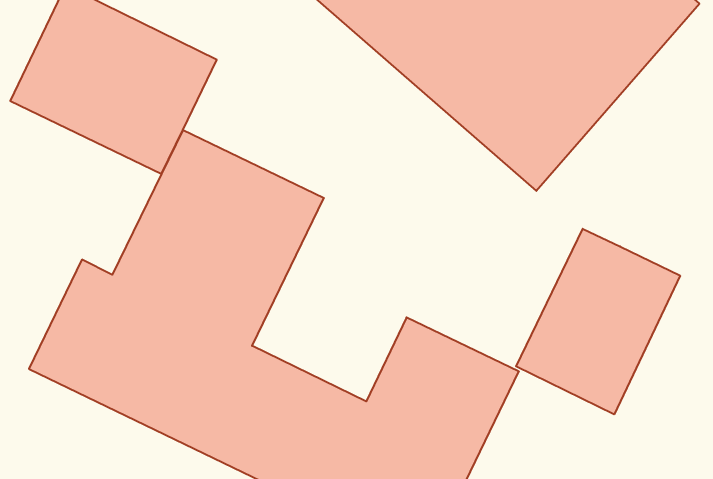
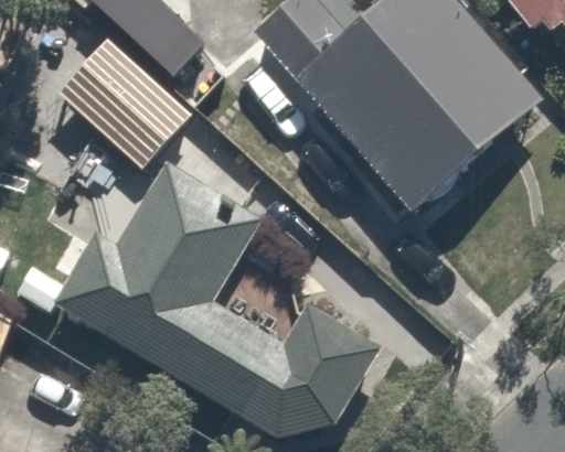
building: [516,229,680,414] -> none

